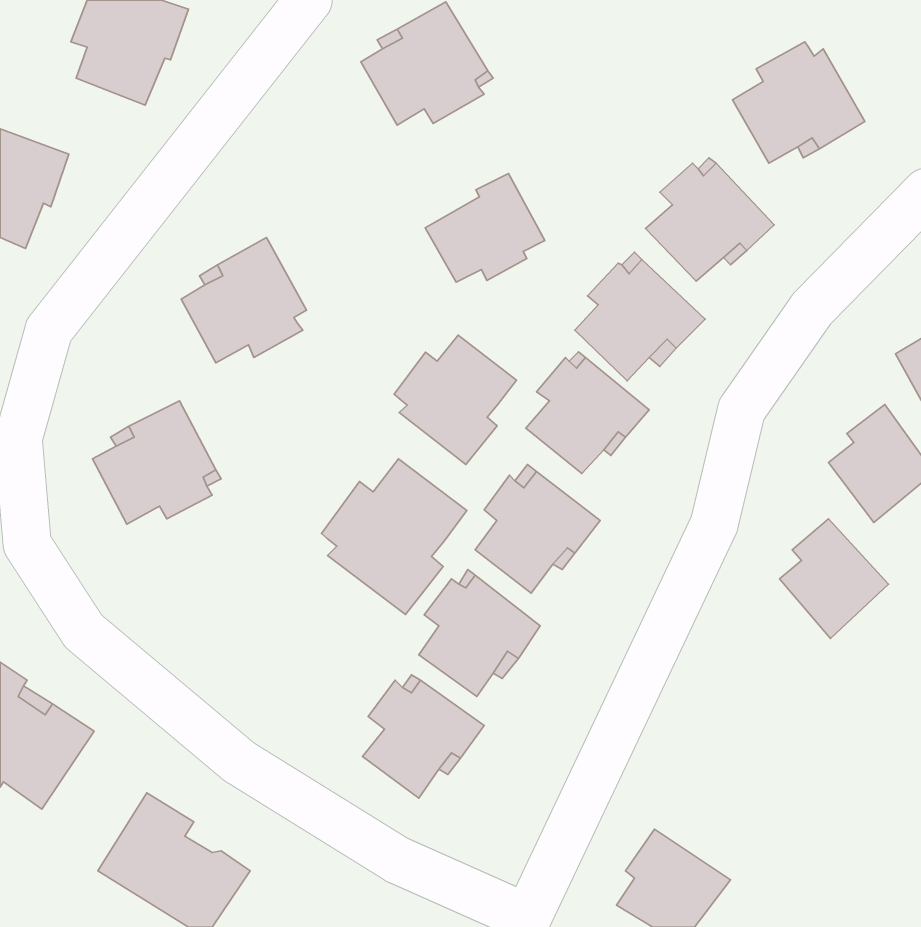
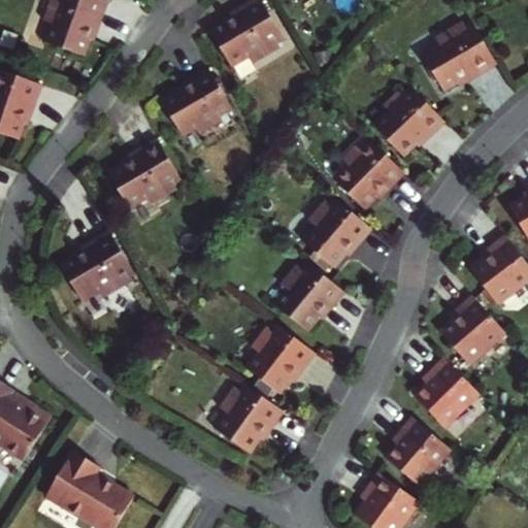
building: [425,173,545,282] -> [161,69,229,131]
building: [394,335,516,464] -> none
building: [321,459,467,615] -> none
building: none -> [419,361,484,429]
building: none -> [386,417,453,487]

